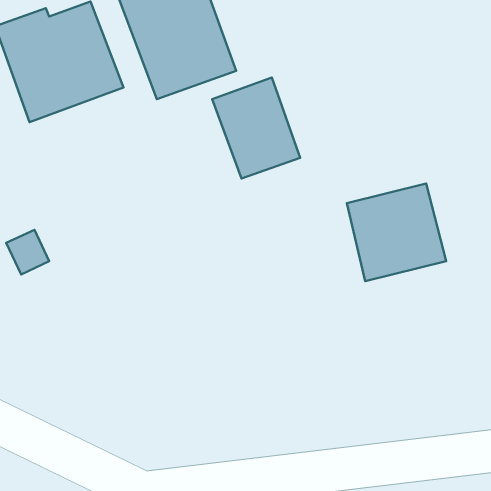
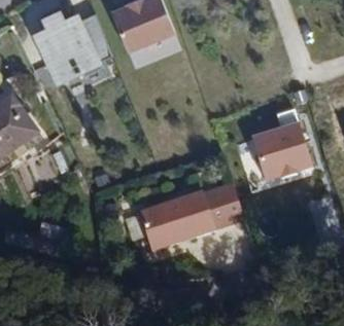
building: [212,77,300,178] -> none
building: none -> [136,181,244,250]

